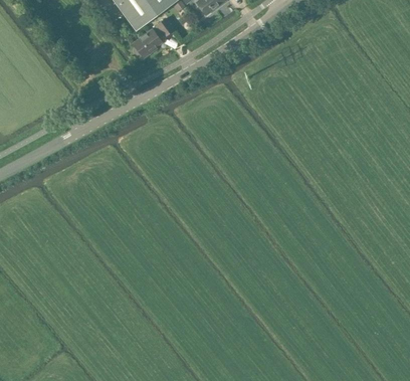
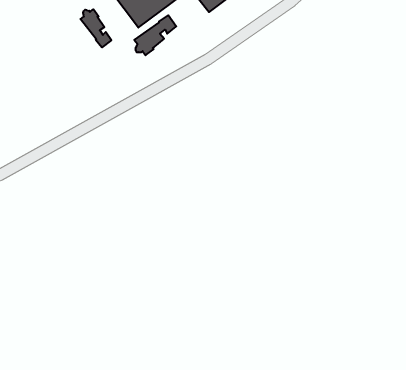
building: none -> [80,9,111,47]

